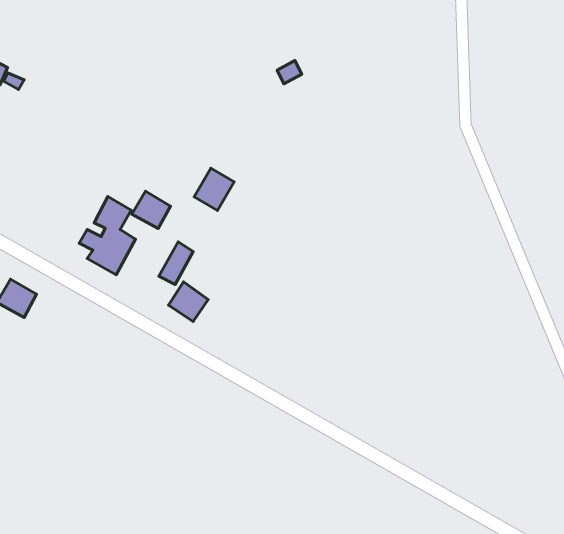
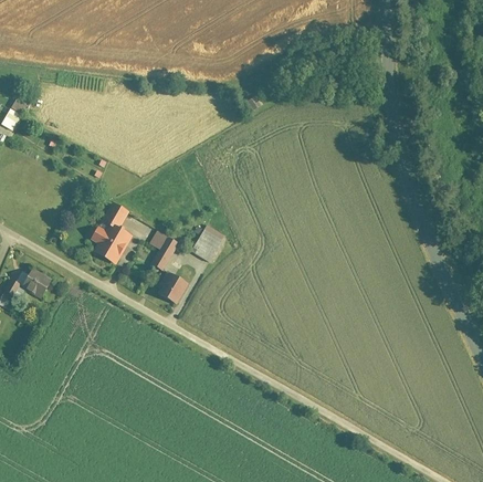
building: [194,168,234,211] -> [191,227,223,261]
building: [132,191,170,229] -> none

